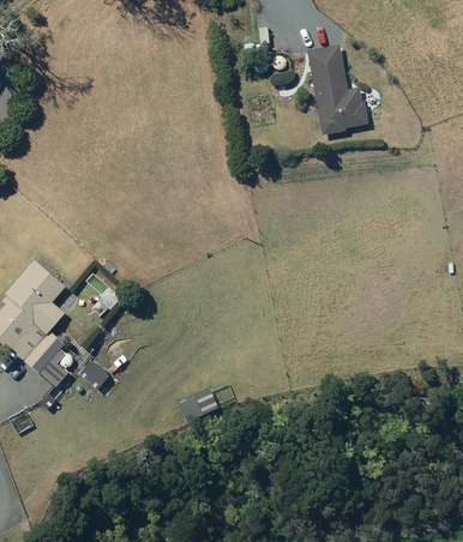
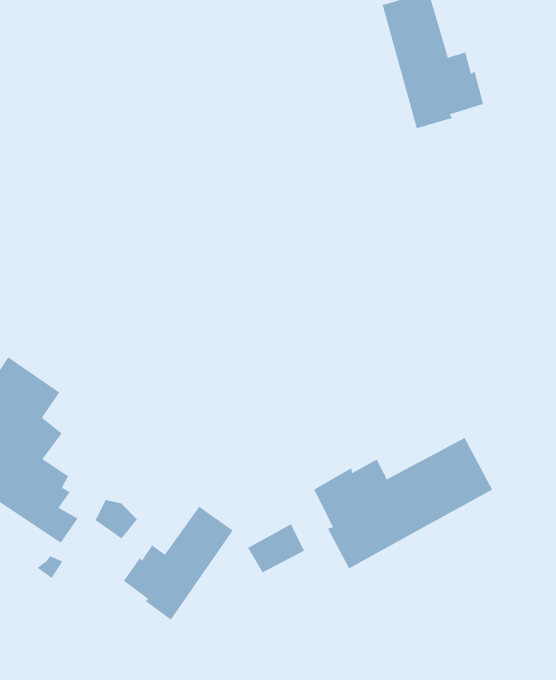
building: none -> [313,437,493,569]
building: none -> [123,506,233,621]

